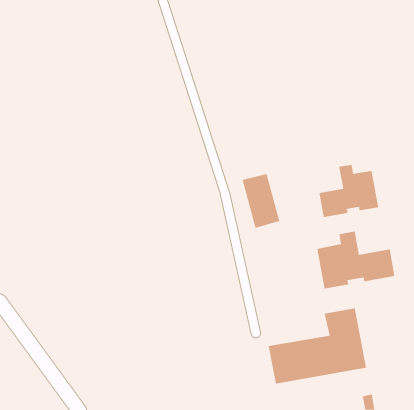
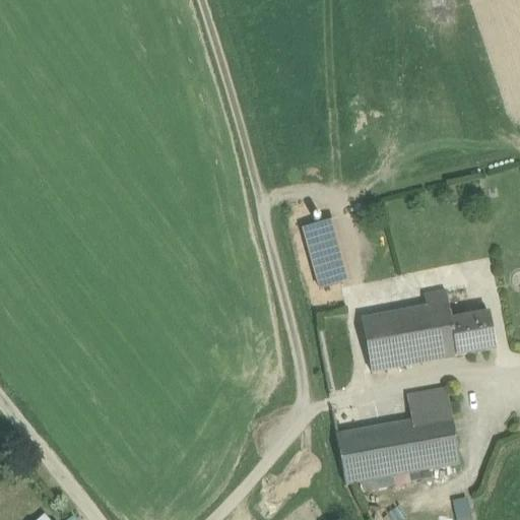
building: [319,164,379,218] -> none
building: none -> [361,312,405,369]

